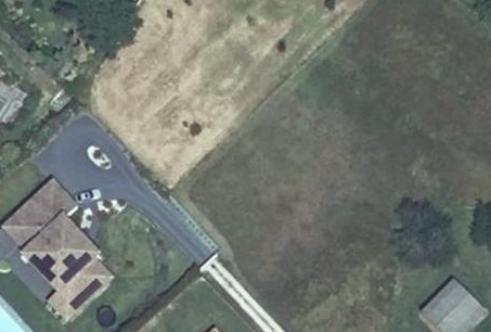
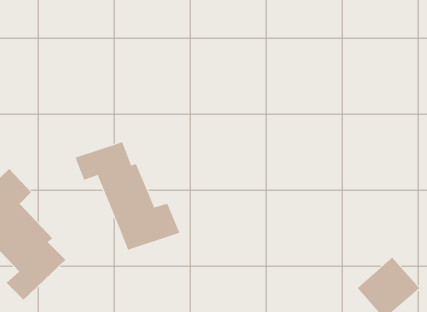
building: none -> [75,141,180,251]

